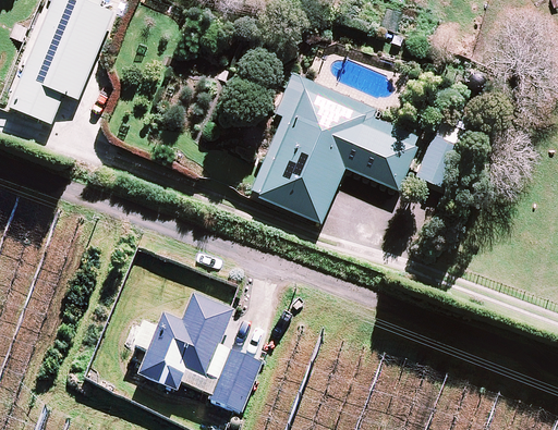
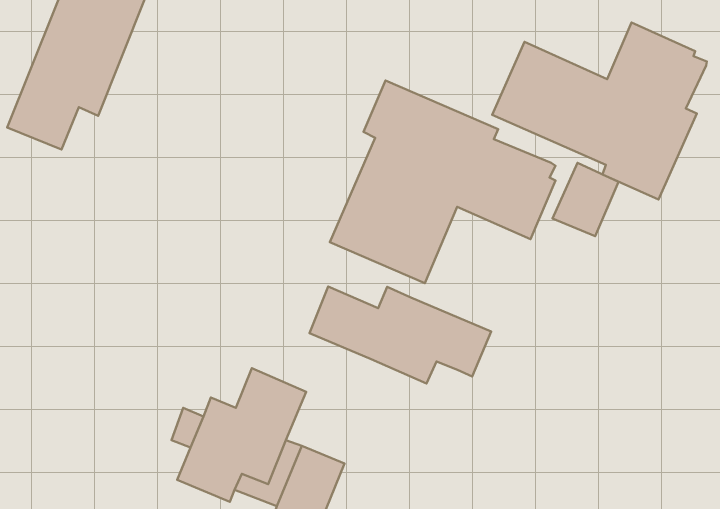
building: none -> [492,23,707,199]
building: none -> [309,286,491,383]

